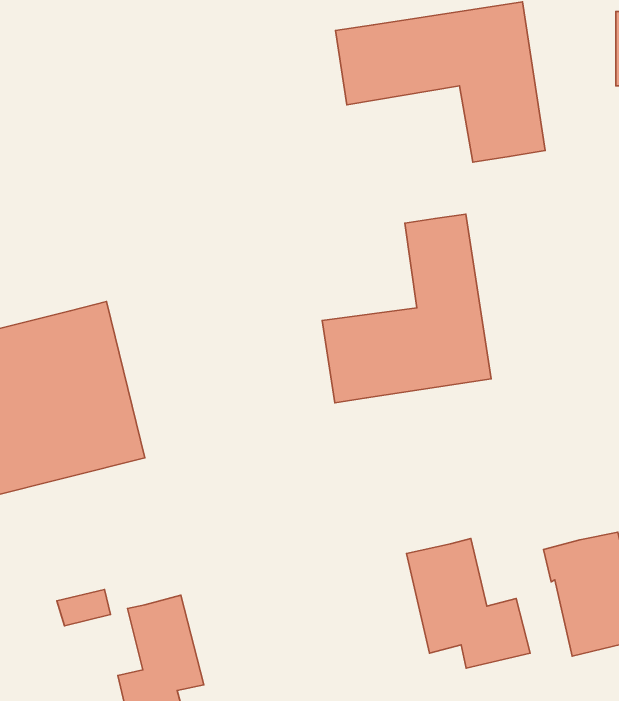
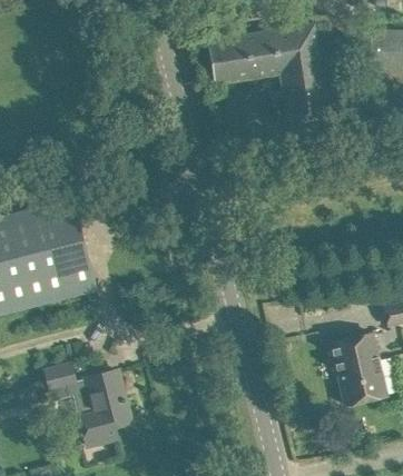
building: [322,214,491,403] -> none
building: [407,538,530,668] -> none

